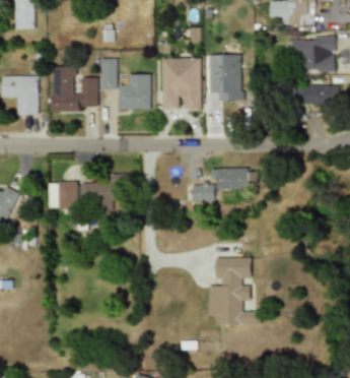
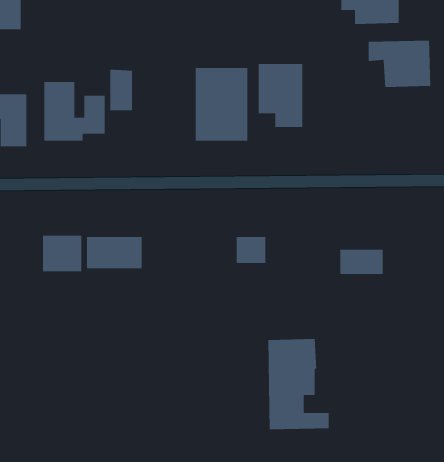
building: [118,74,151,110] -> none
building: [296,85,336,105] -> none
building: [218,170,251,189] -> [340,249,384,275]

